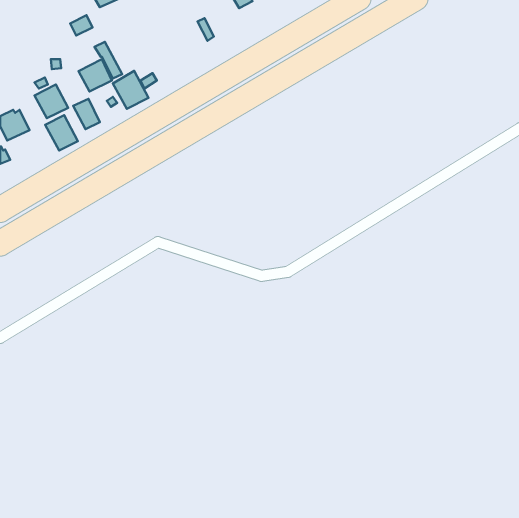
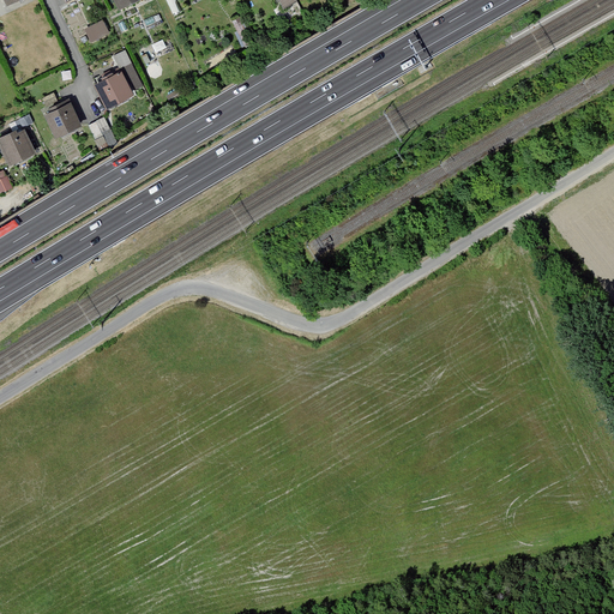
building: [113,71,149,109] -> none
building: [45,115,78,150] -> none

